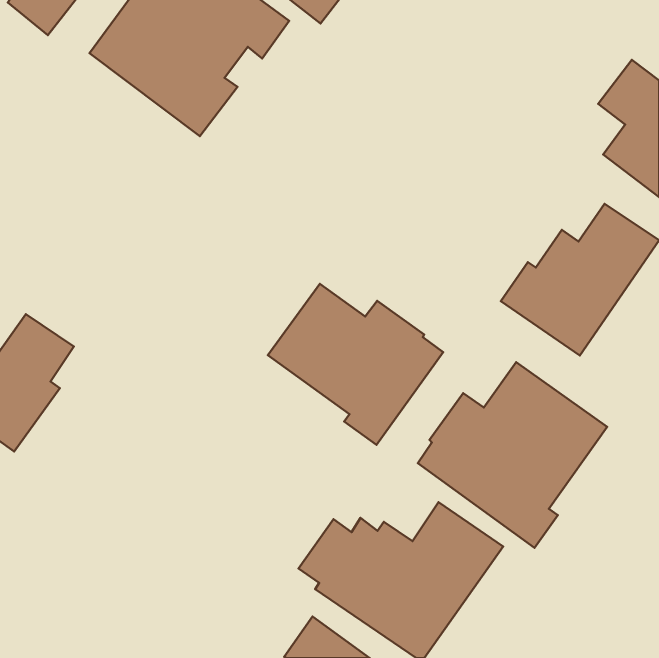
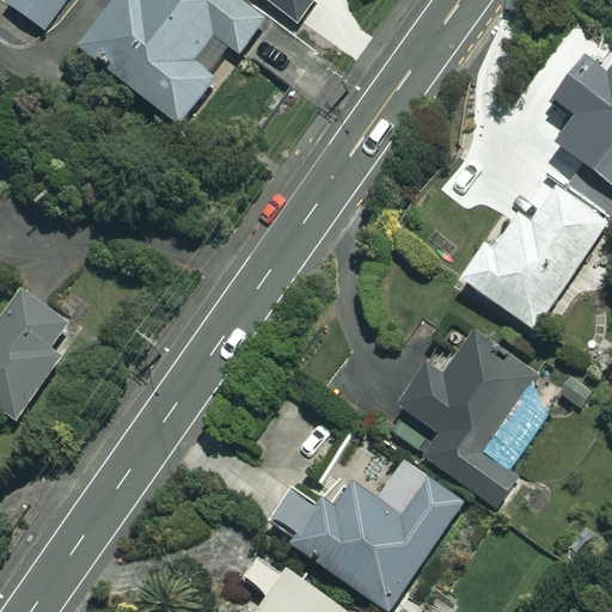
building: [268,284,443,445] -> none

